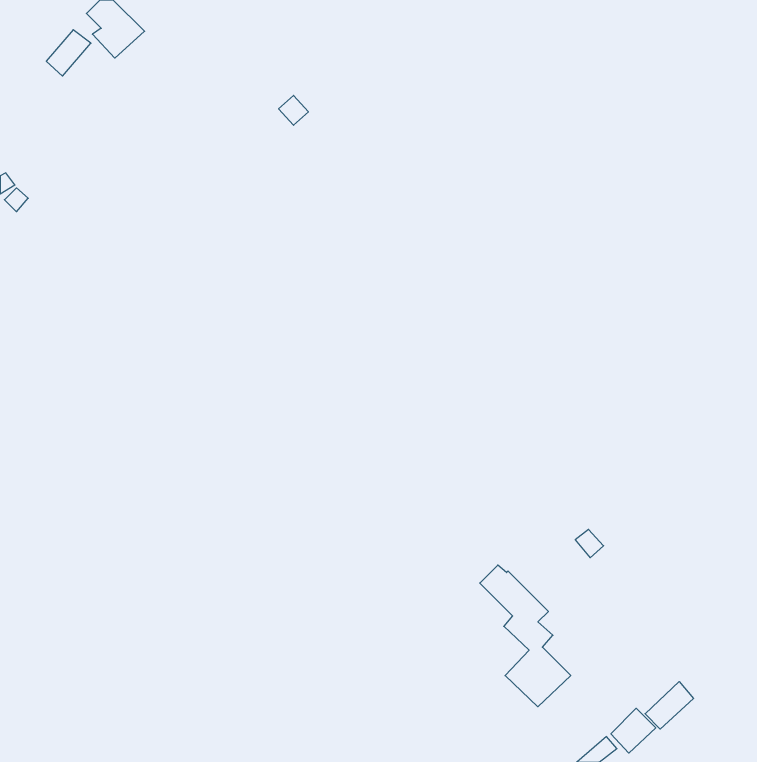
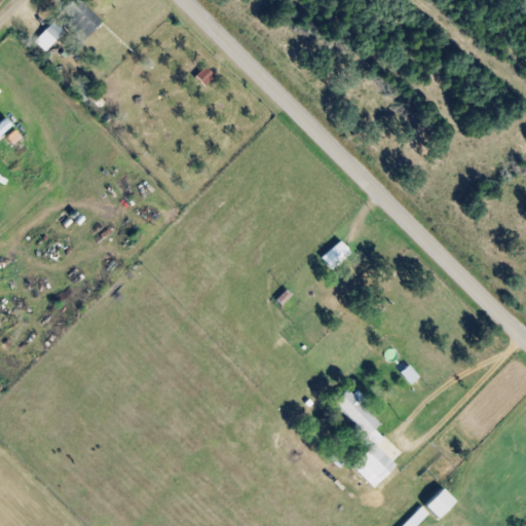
building: none -> [321,241,350,270]
building: [645,682,694,729] -> none

